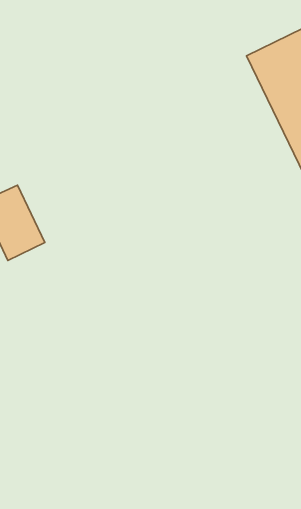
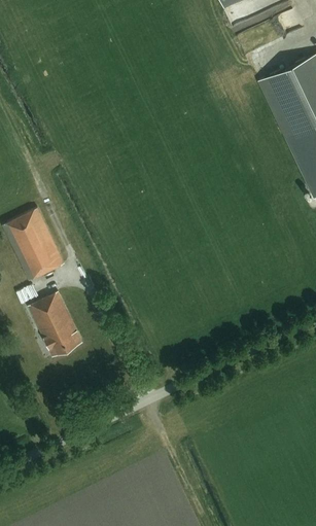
building: none -> [27,291,81,356]

